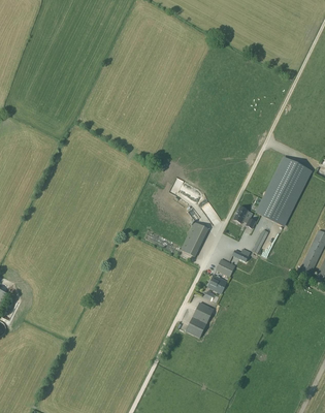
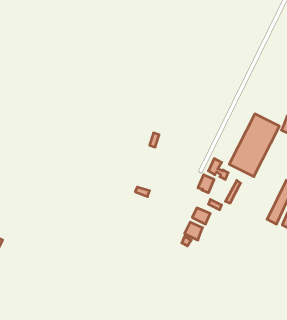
building: [181,222,208,257] -> none
building: [186,303,214,338] -> none

